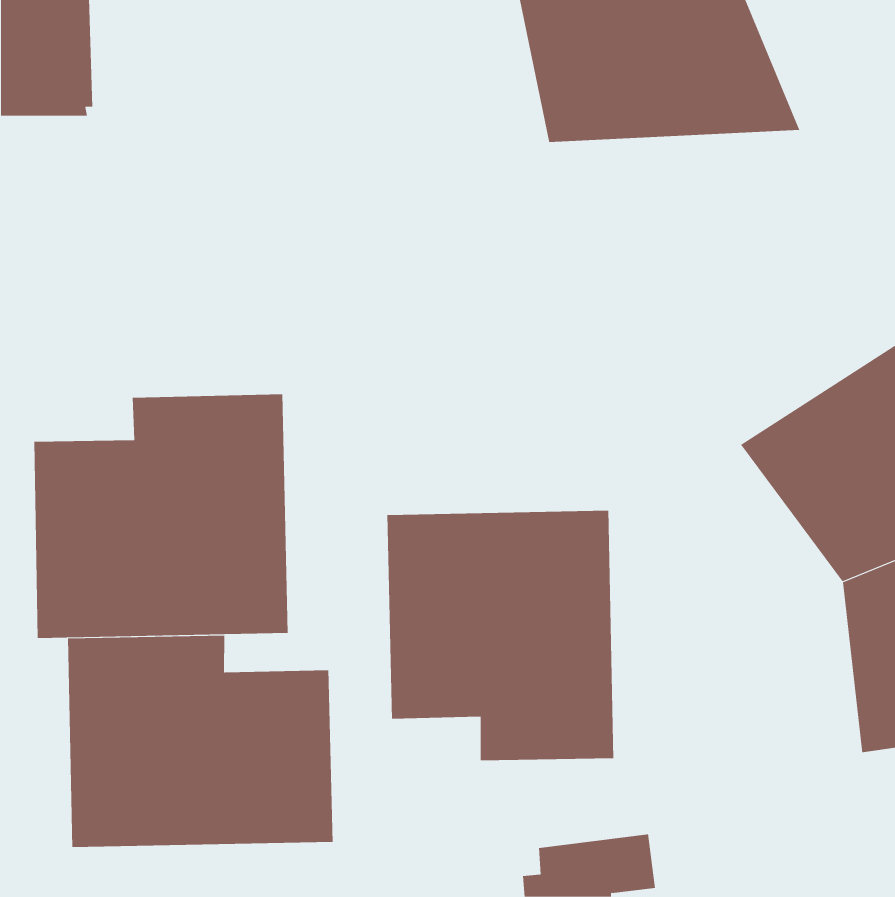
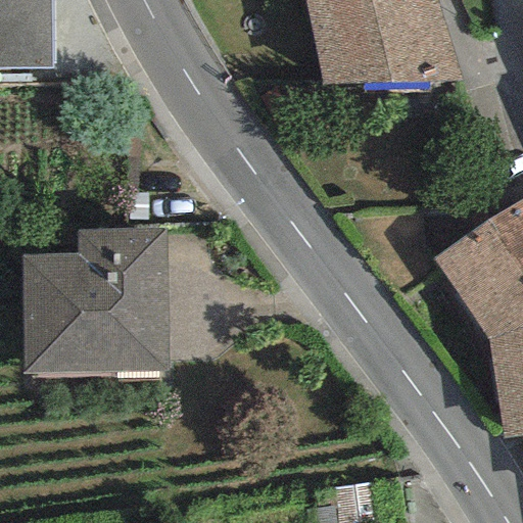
building: [387,510,614,761] -> none
building: [68,635,333,848] -> none

